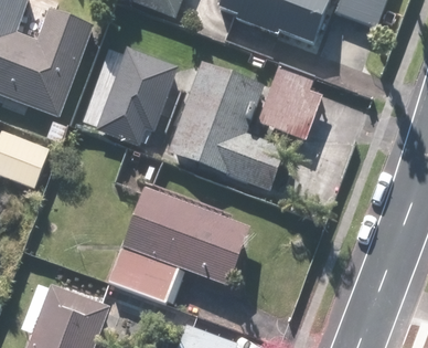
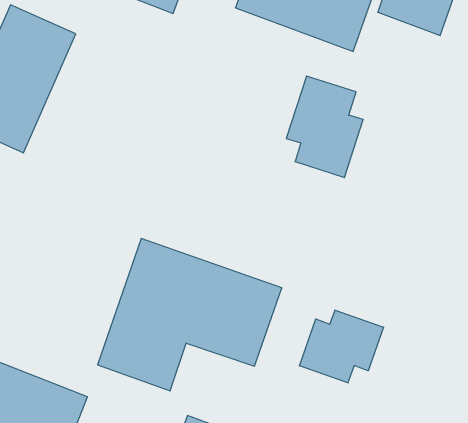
building: [81,43,162,140] -> none
building: [167,62,285,190] -> none
building: none -> [299,310,384,383]

